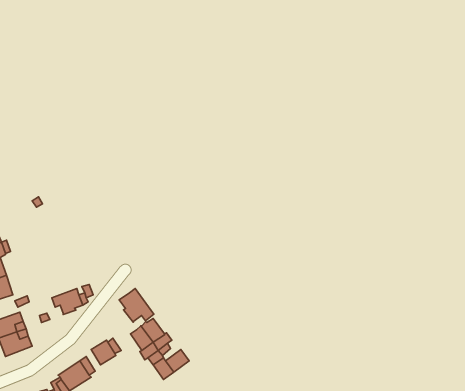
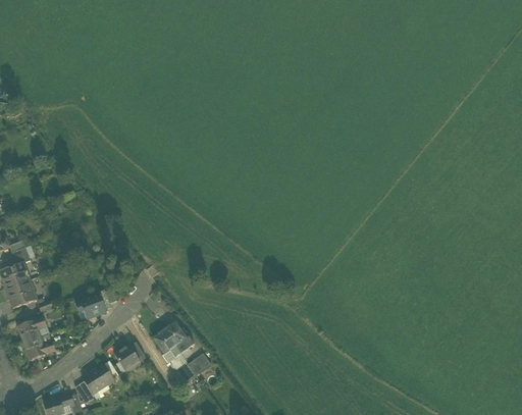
building: [119,288,154,322] -> none

